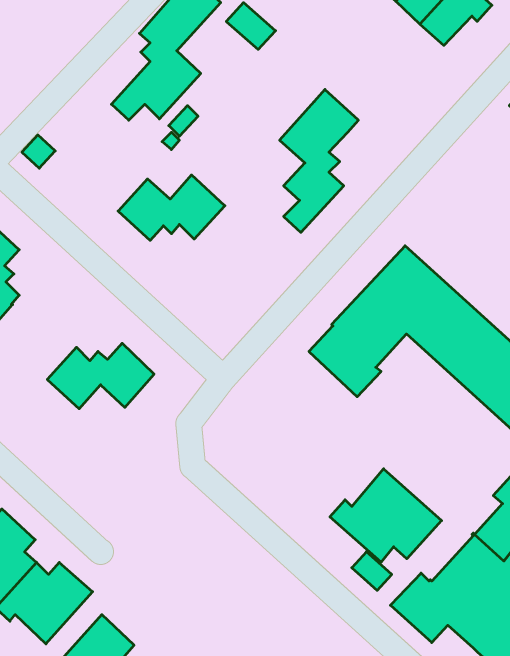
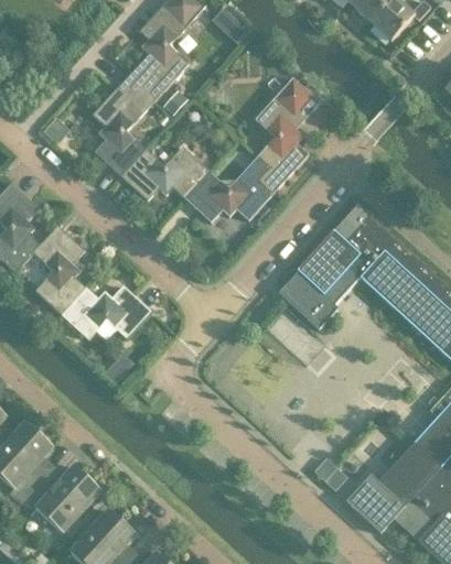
building: none -> [93,88,155,176]
building: none -> [184,155,272,223]
building: none -> [33,226,87,315]
building: [330,469,442,562] -> none

